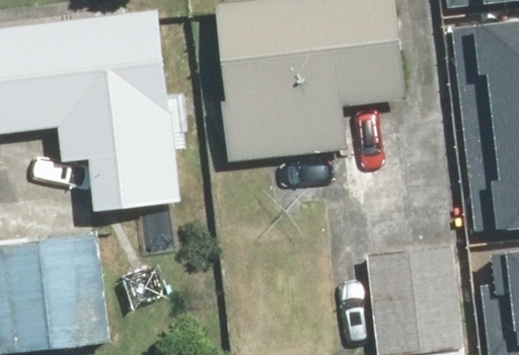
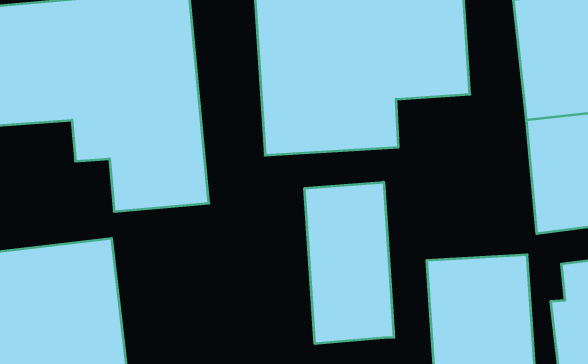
building: none -> [305,182,394,344]

